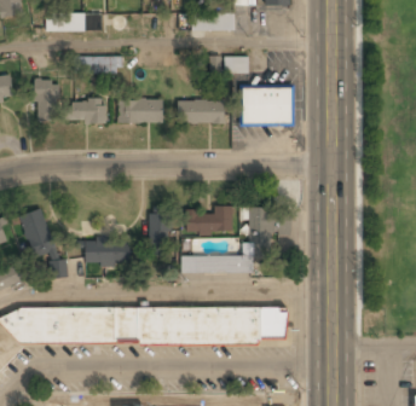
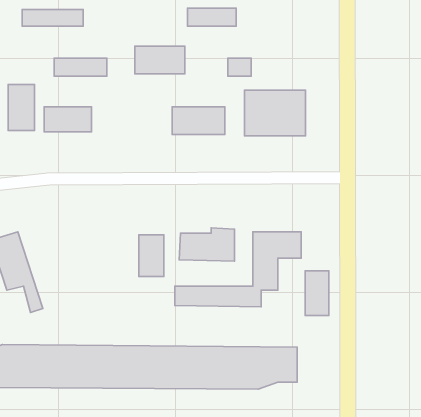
building: [119,98,162,122] -> [135,46,185,74]
building: [85,239,131,263] -> none
building: none -> [305,271,329,315]

